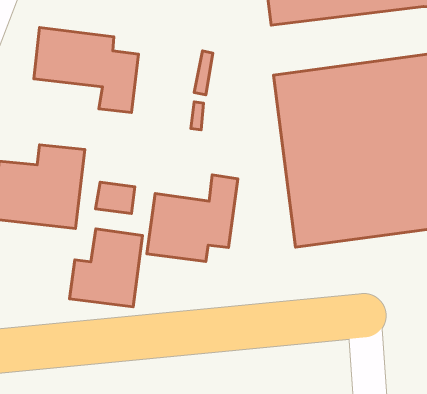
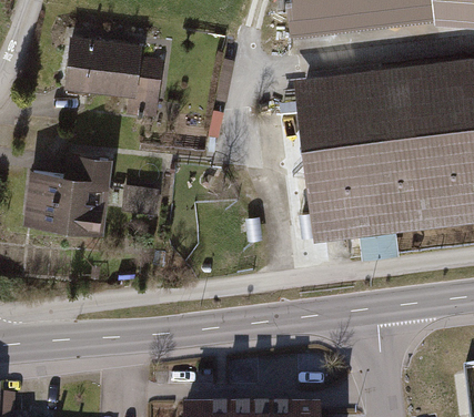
building: [147,175,238,262] -> none
building: [69,229,143,307] -> none

